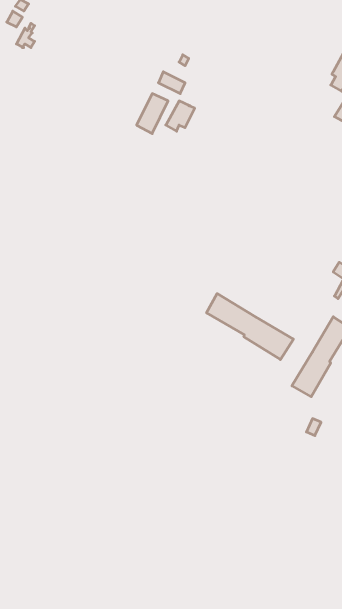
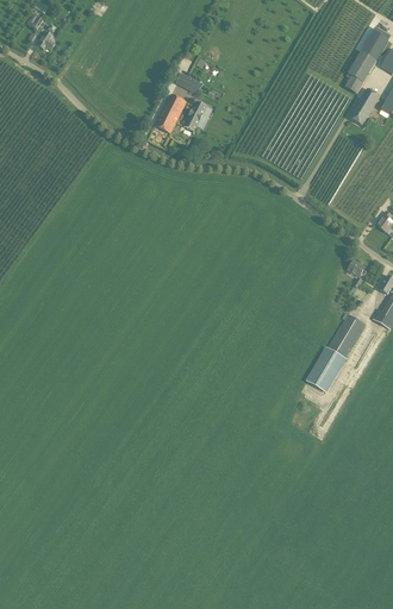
building: [207,294,293,360] -> none

